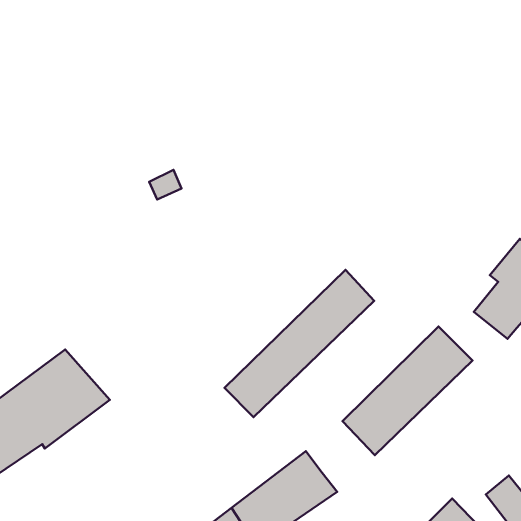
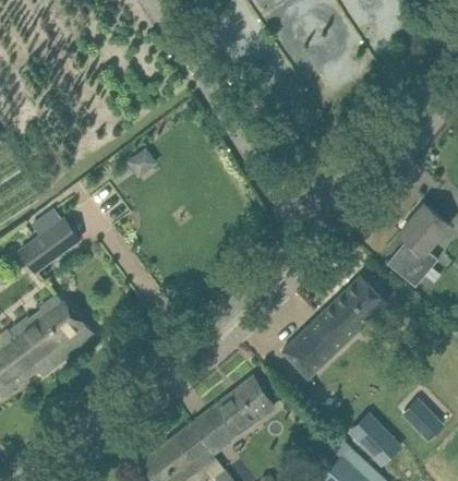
building: none -> [20,218,80,273]
building: [224,270,374,417] -> none

